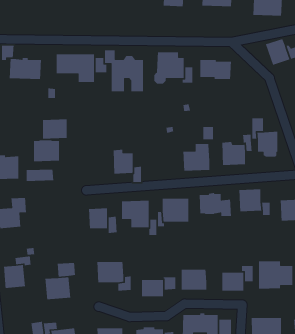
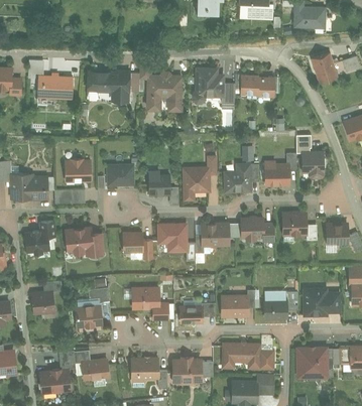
building: [42,119,68,139] -> [106,162,133,184]
building: none -> [180,154,216,199]
building: none -> [64,225,104,254]

